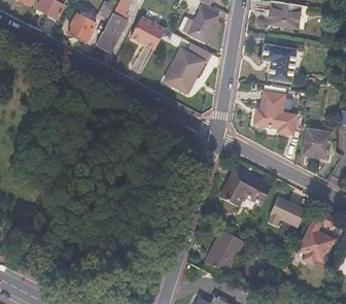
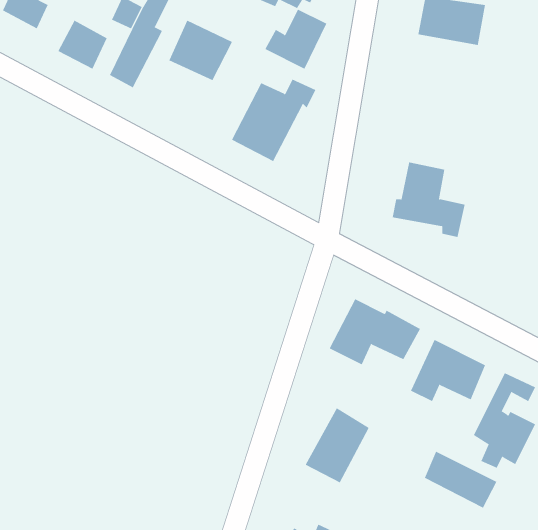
building: [262,43,296,81] -> none
building: [302,129,330,158] -> none
building: none -> [424,451,497,508]

